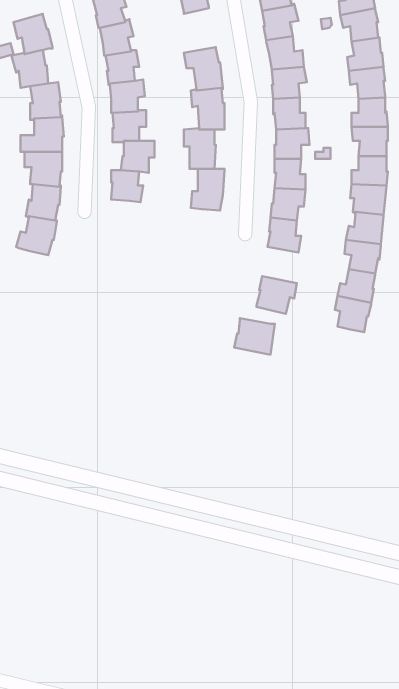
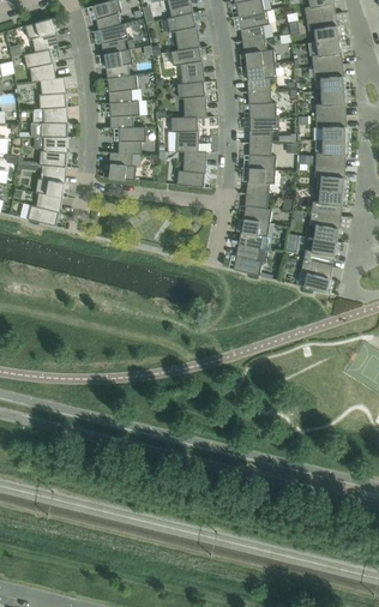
building: none -> [167,13,200,50]
building: [234,318,275,355] -> [239,218,273,250]

